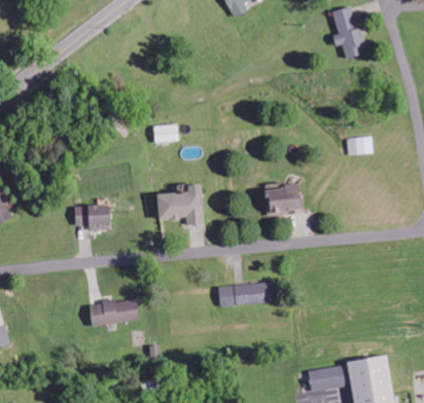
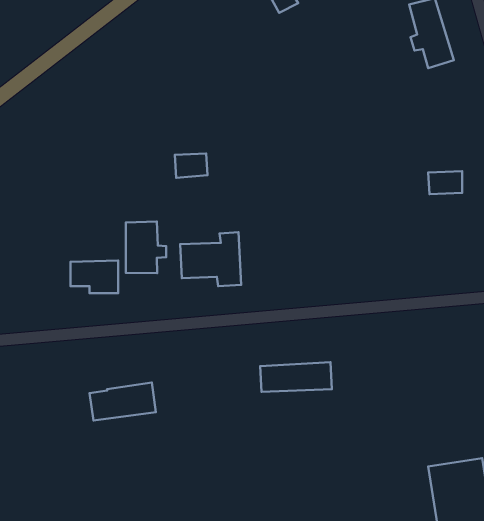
building: none -> [126,222,166,273]
building: [264,183,302,215] -> none
building: [308,365,345,392] -> none

